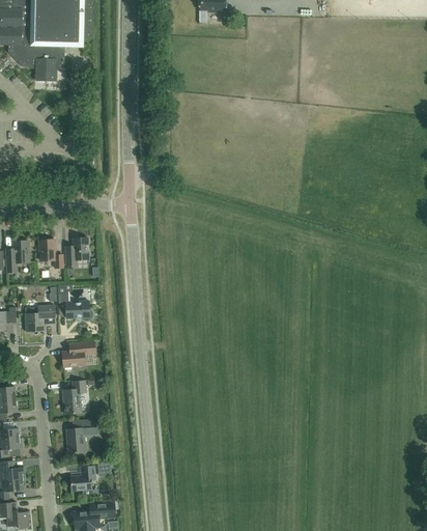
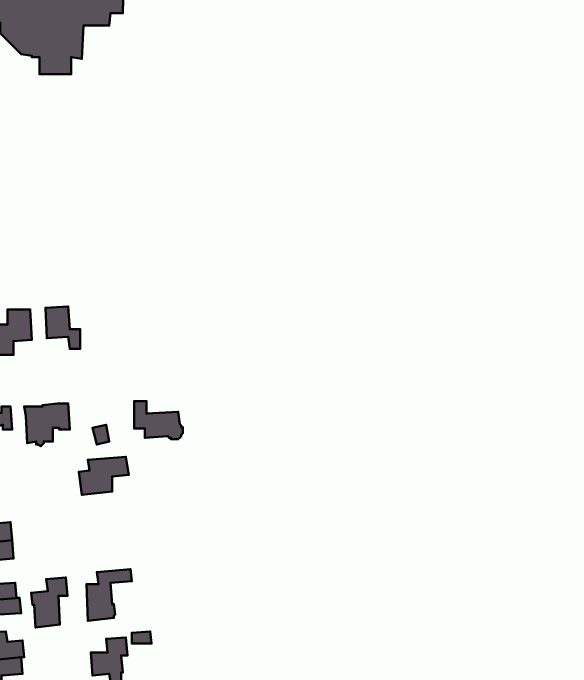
building: [65,237,88,266] -> none
building: [58,294,91,319] -> [134,401,183,439]
building: [61,380,86,414] -> [31,578,67,628]

